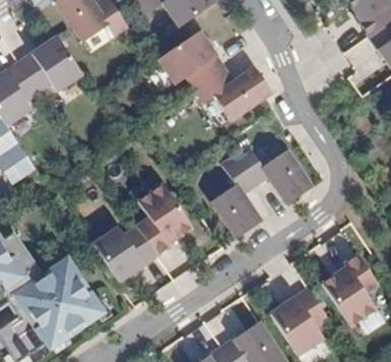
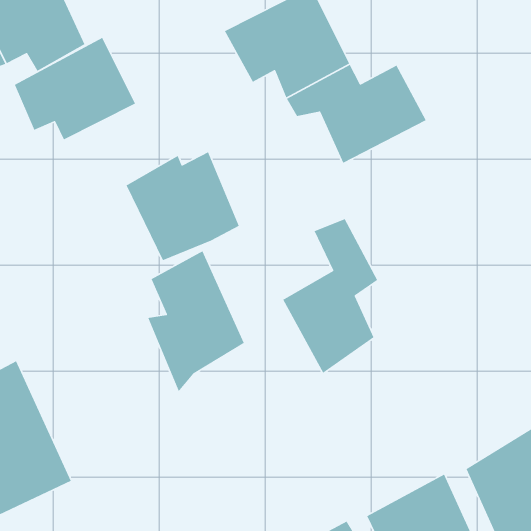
building: none -> [14,37,136,140]
building: [237,143,313,203] -> none
building: [93,221,158,284] -> [125,151,240,261]

